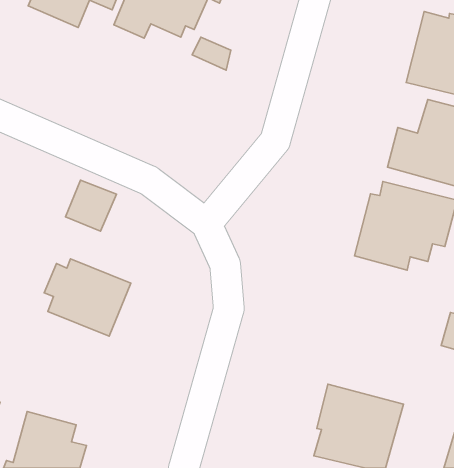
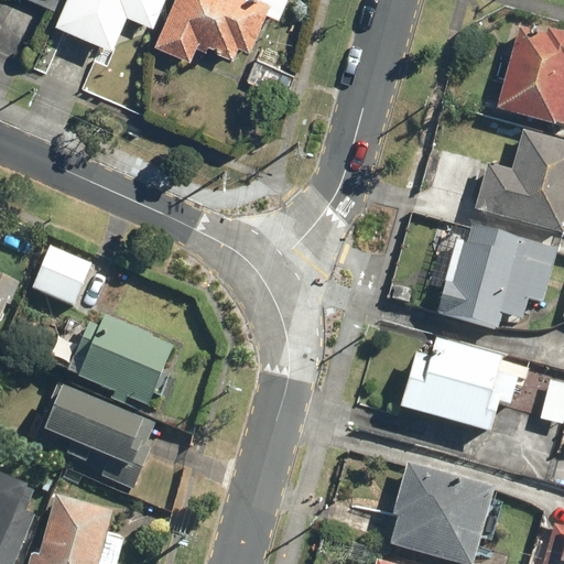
building: [66,180,116,231] -> [33,246,93,305]
building: none -> [400,337,529,433]
building: none -> [31,380,155,490]

